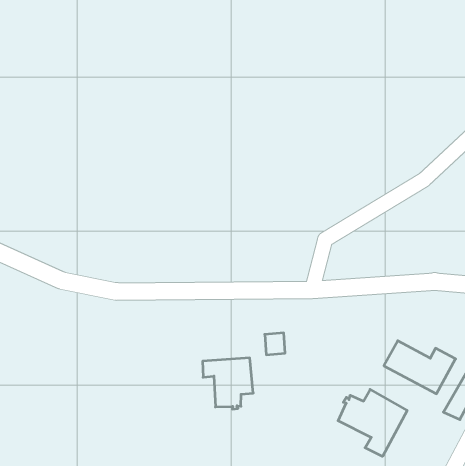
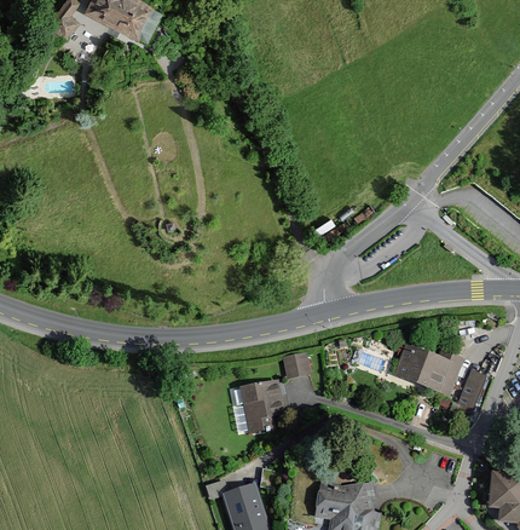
building: [338,389,407,456] -> none

